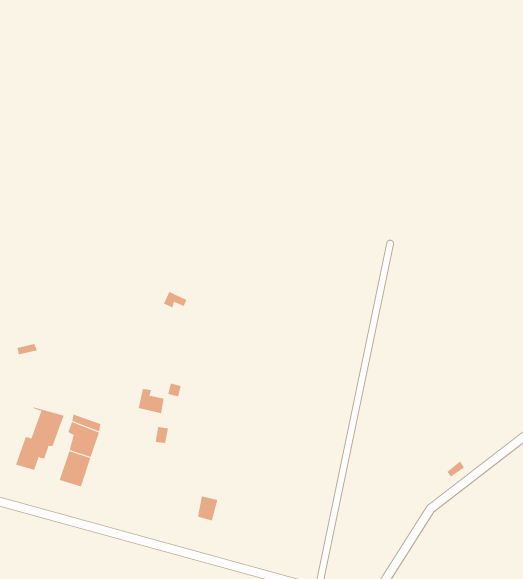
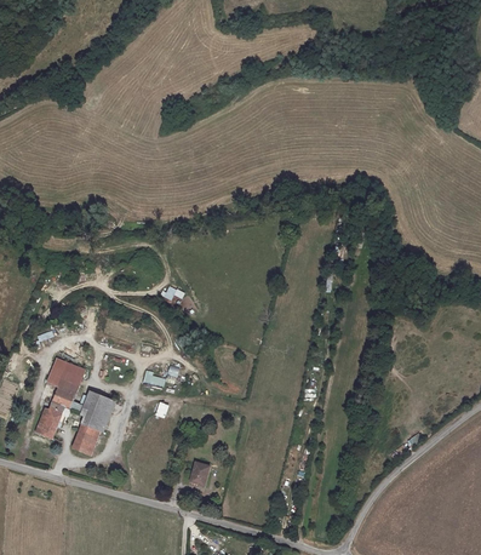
building: none -> [46,360,84,391]

